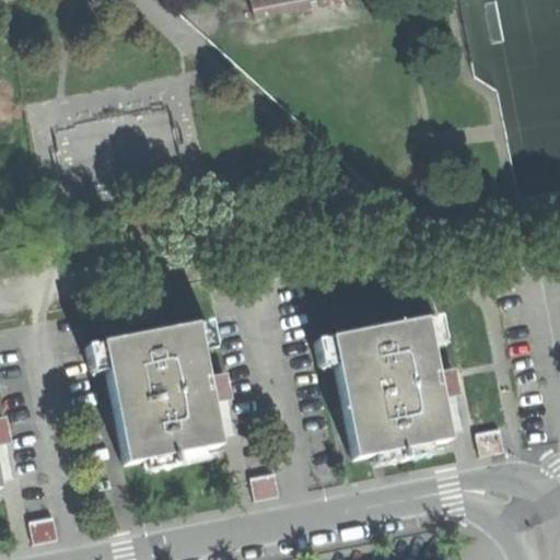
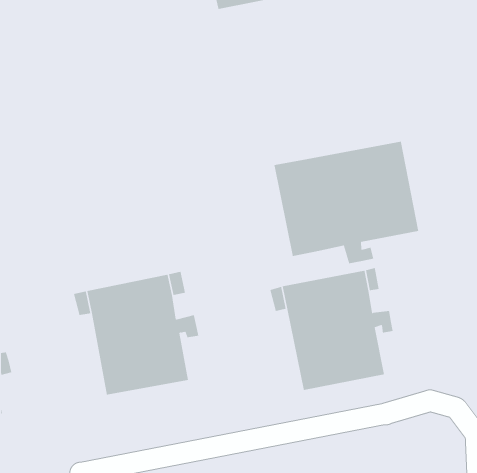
building: none -> [274,141,419,264]

